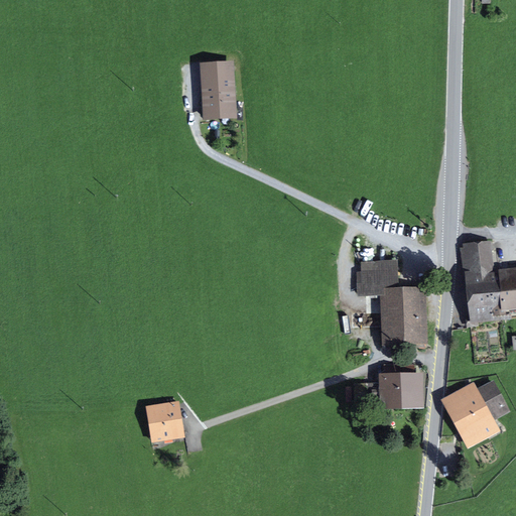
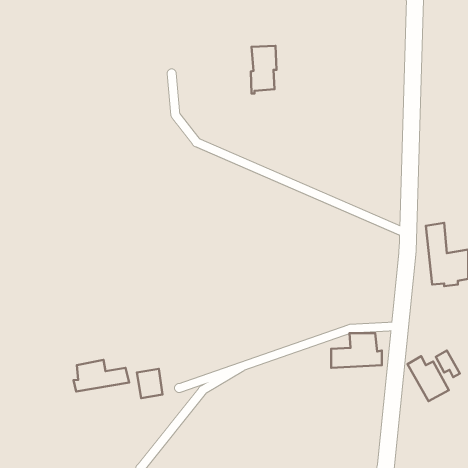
building: [204,66,232,118] -> [251,46,276,94]
building: [358,262,419,342] -> none
building: none -> [73,360,129,391]

